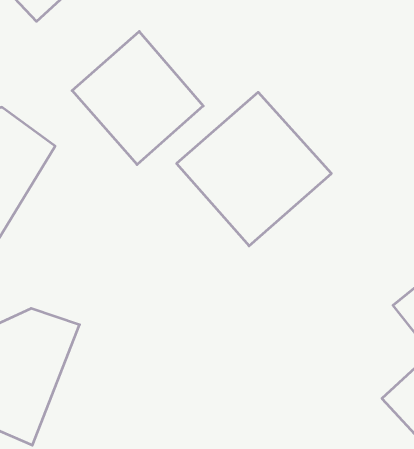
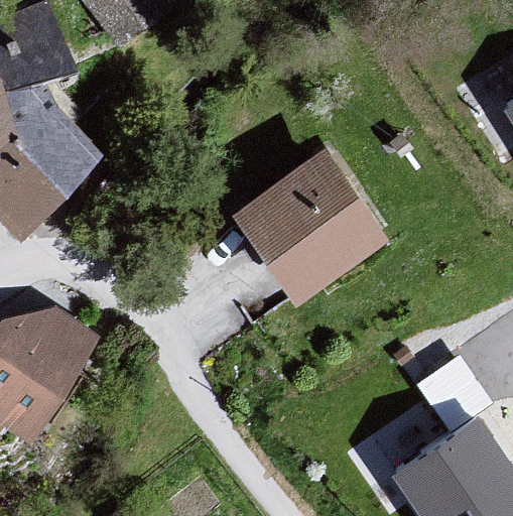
building: [72,31,203,165] -> none

